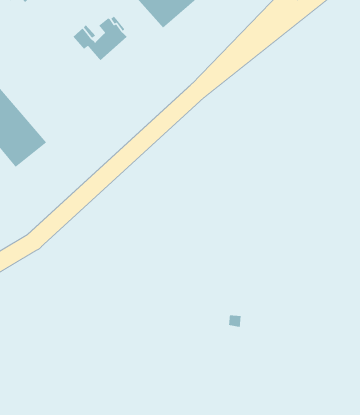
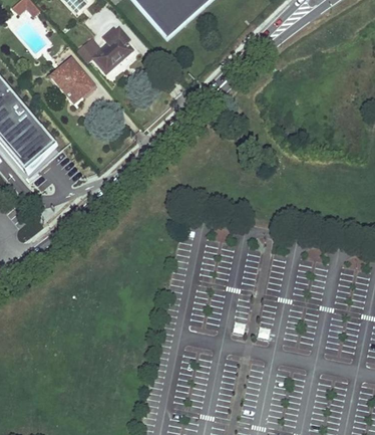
building: none -> [50,56,93,100]

